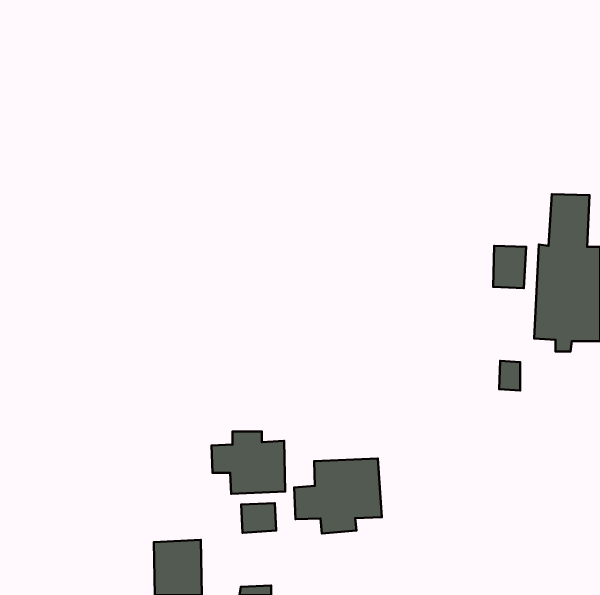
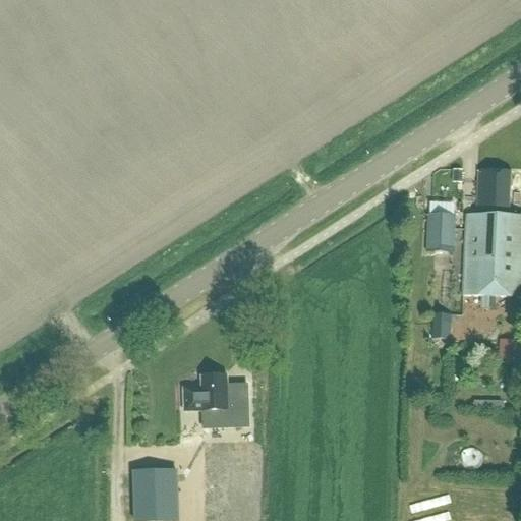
building: [294,458,382,533] -> none
building: [241,503,276,533] -> none

